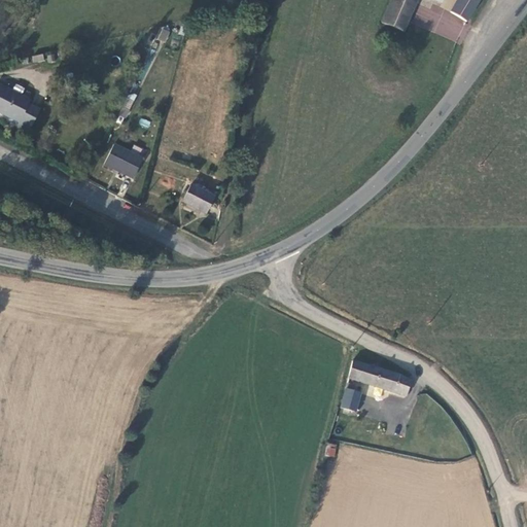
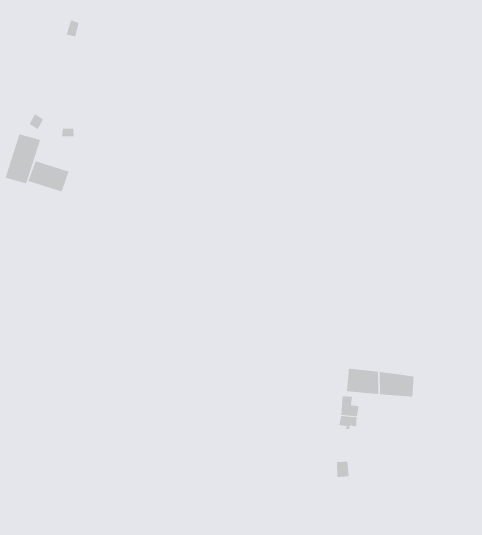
building: none -> [5,134,41,184]
building: [186,176,217,206] -> none

